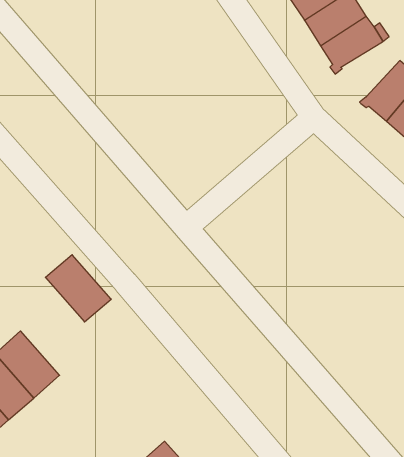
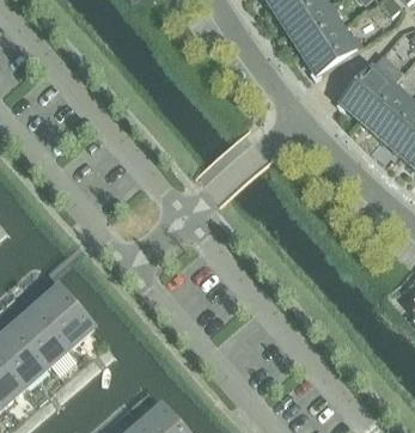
building: [45,255,111,322] -> [35,285,93,344]

